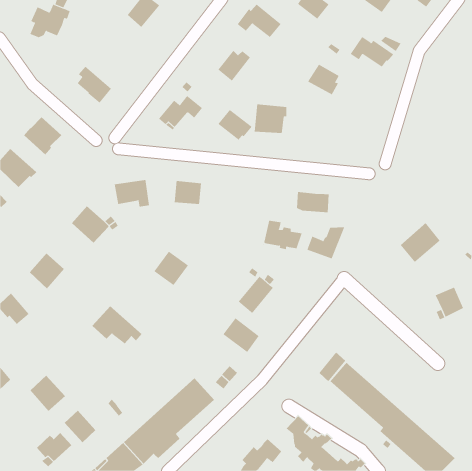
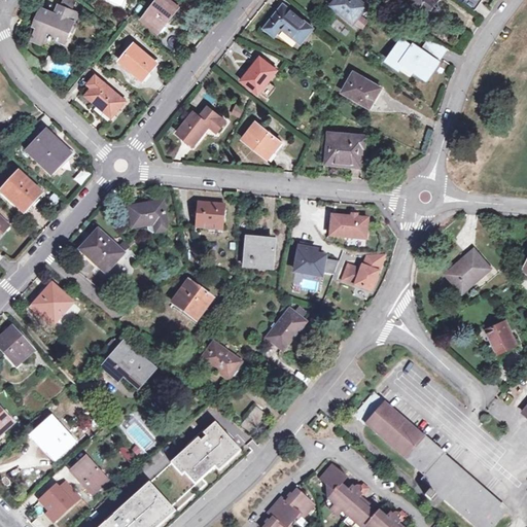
building: none -> [119,42,156,77]
building: [254,104,287,134] -> [327,132,364,165]
building: none -> [243,237,274,268]
building: [222,318,259,353] -> [199,340,240,379]

